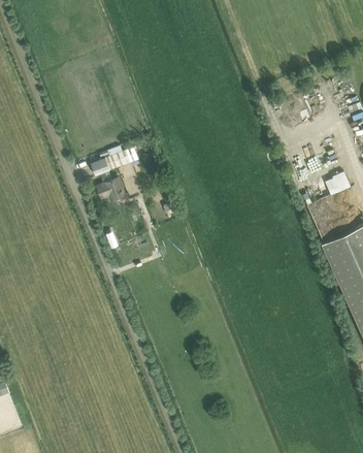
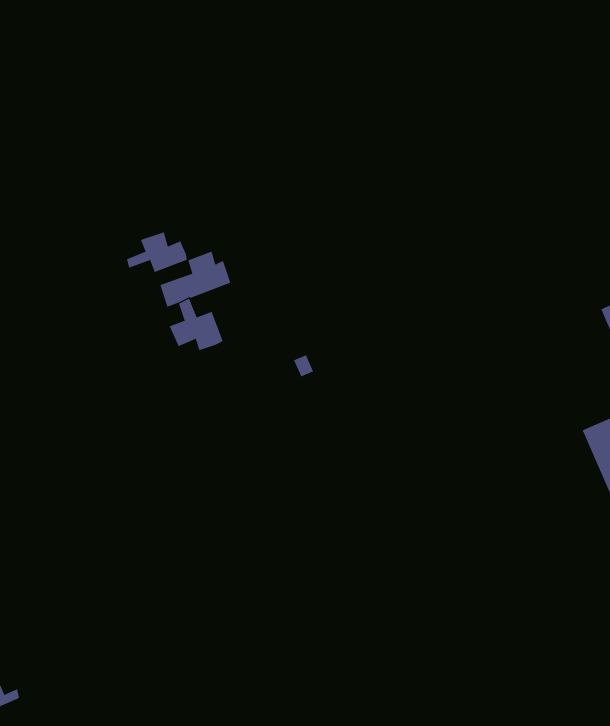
building: none -> [127,232,188,273]

